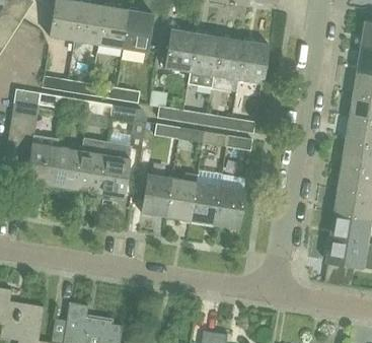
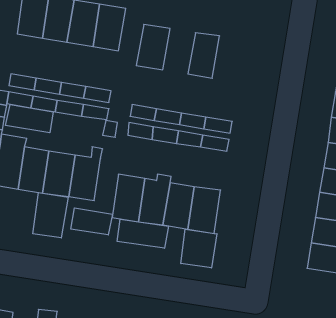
building: [187,32,220,88] -> none
building: [236,40,268,84] -> none
building: none -> [5,105,53,133]
building: none -> [33,193,68,238]
building: none -> [71,208,113,235]
building: none -> [117,219,169,248]
building: none -> [181,229,217,268]

